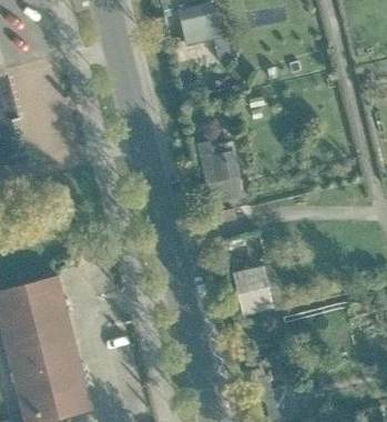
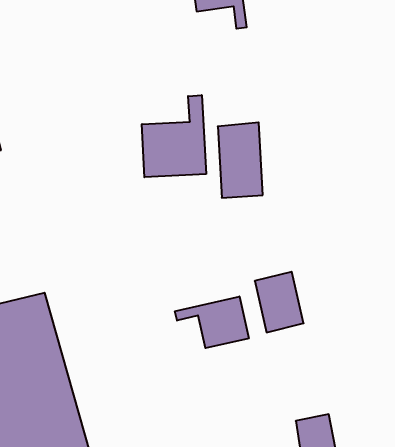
building: none -> [142,95,206,177]
building: none -> [175,296,249,348]

